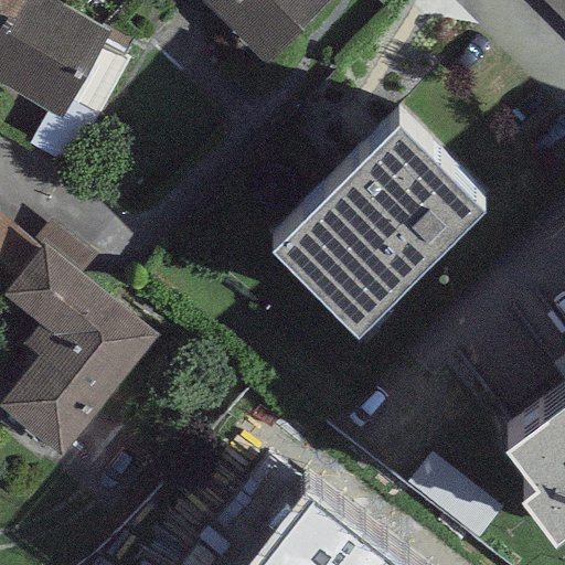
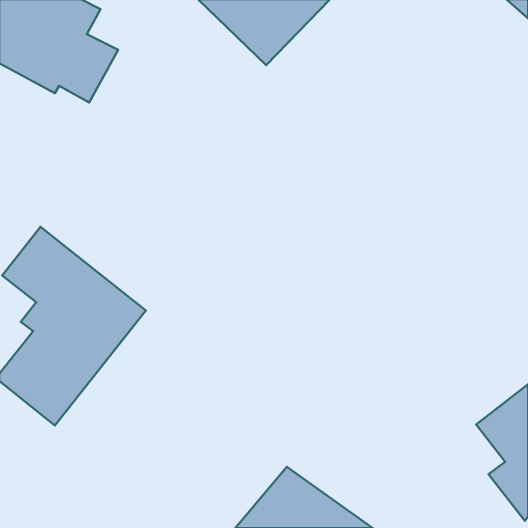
building: [274,126,486,339] -> none

